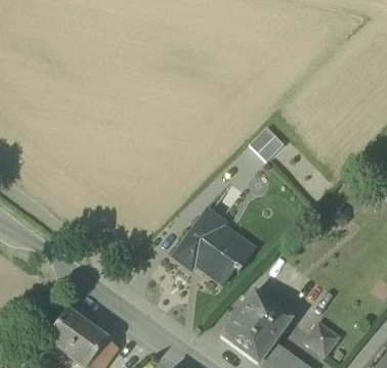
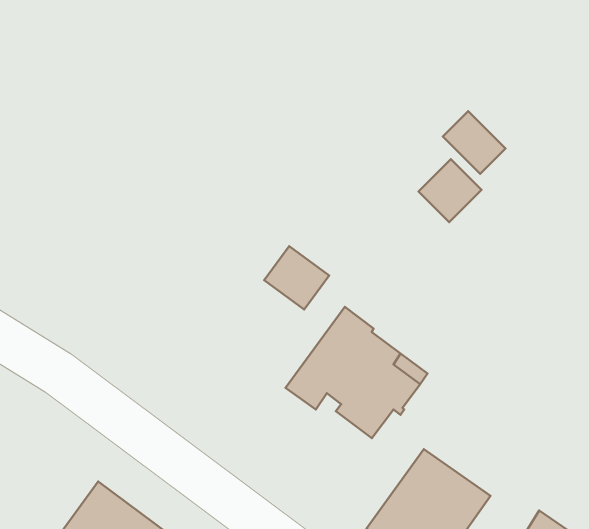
building: none -> [443,111,505,174]
building: none -> [264,246,329,309]

